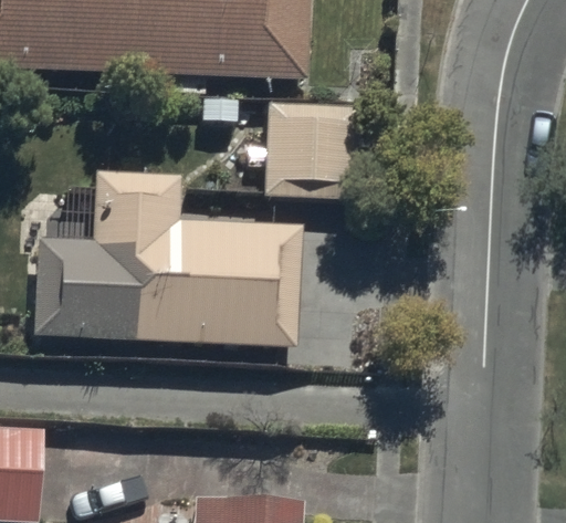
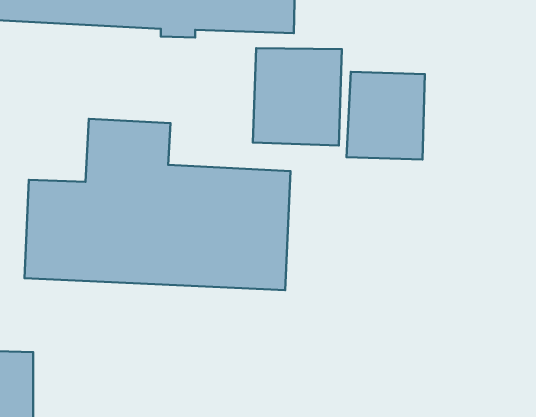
building: none -> [347,72,425,160]

